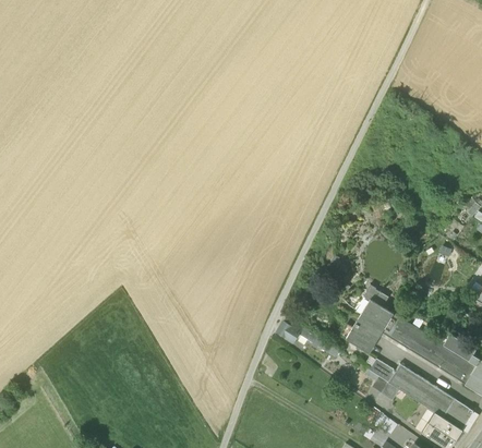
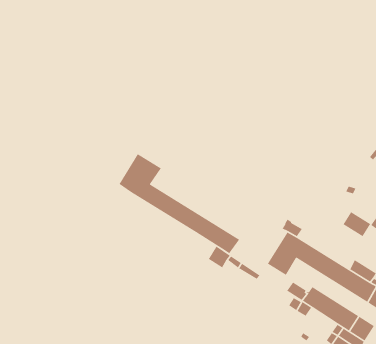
building: none -> [119,153,240,254]
building: none -> [342,211,371,237]

